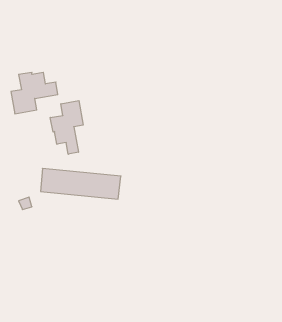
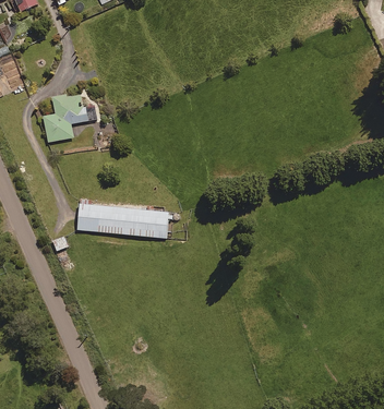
building: [50,101,83,154] -> none

